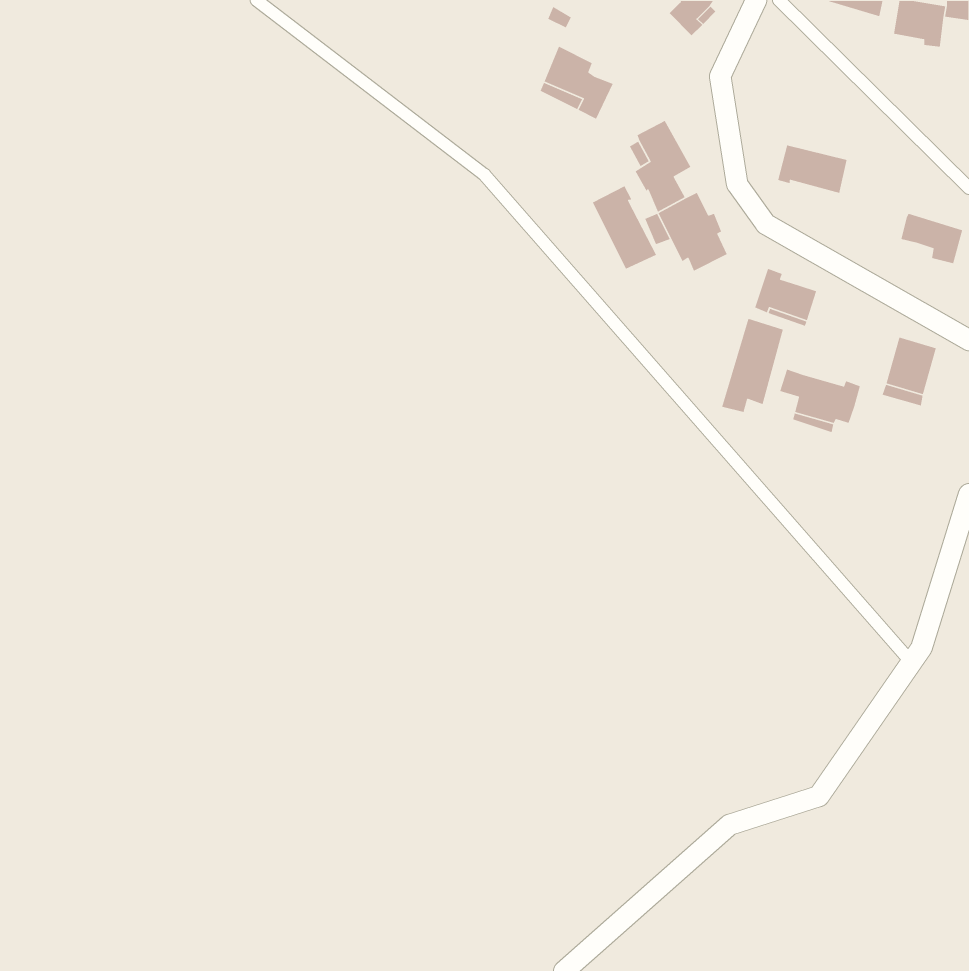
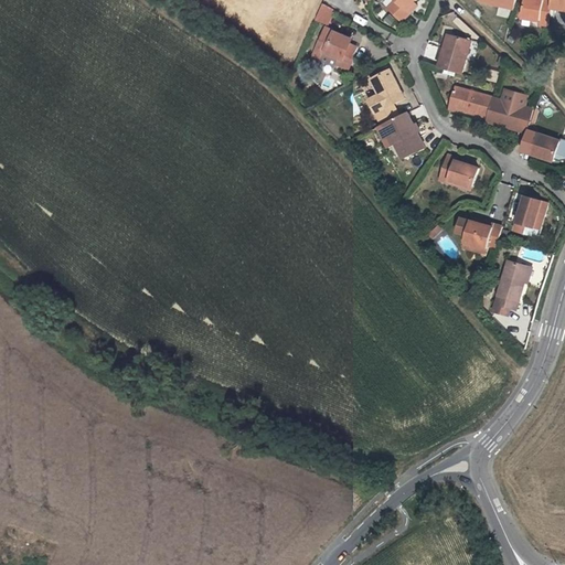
building: none -> [439,35,471,74]
building: none -> [487,92,533,126]
building: [592,185,657,270] -> none
building: [721,318,784,413] -> [489,259,525,315]

